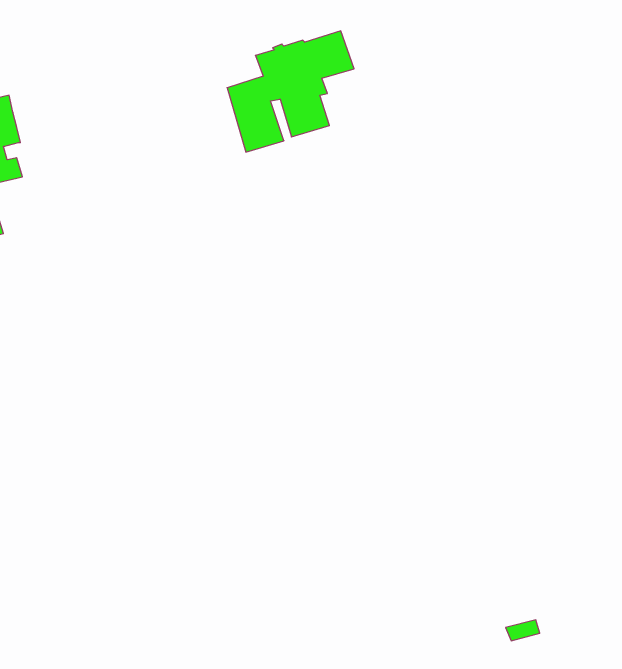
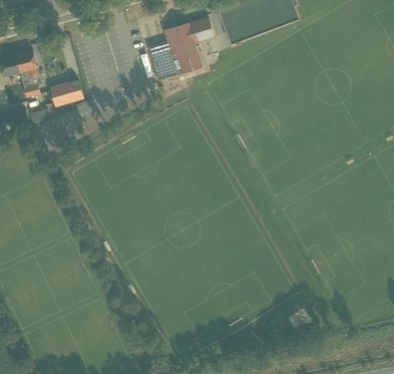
building: none -> [50,79,84,107]

